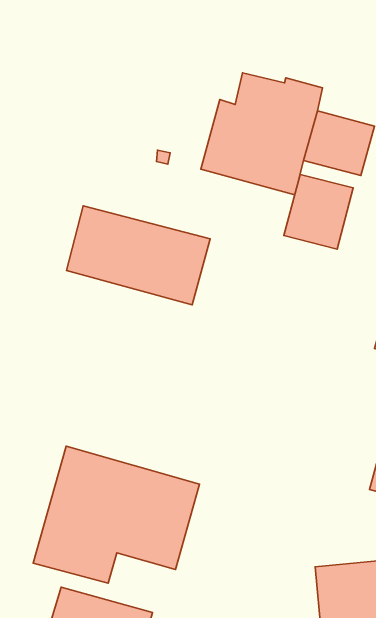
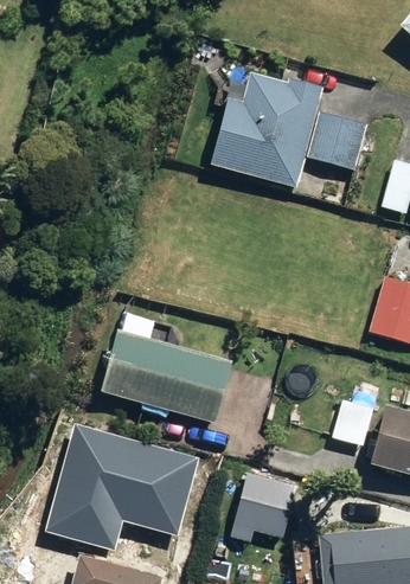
building: [284,175,353,249] -> none
building: [67,206,210,305] -> [97,332,231,424]
building: none -> [238,471,306,540]

